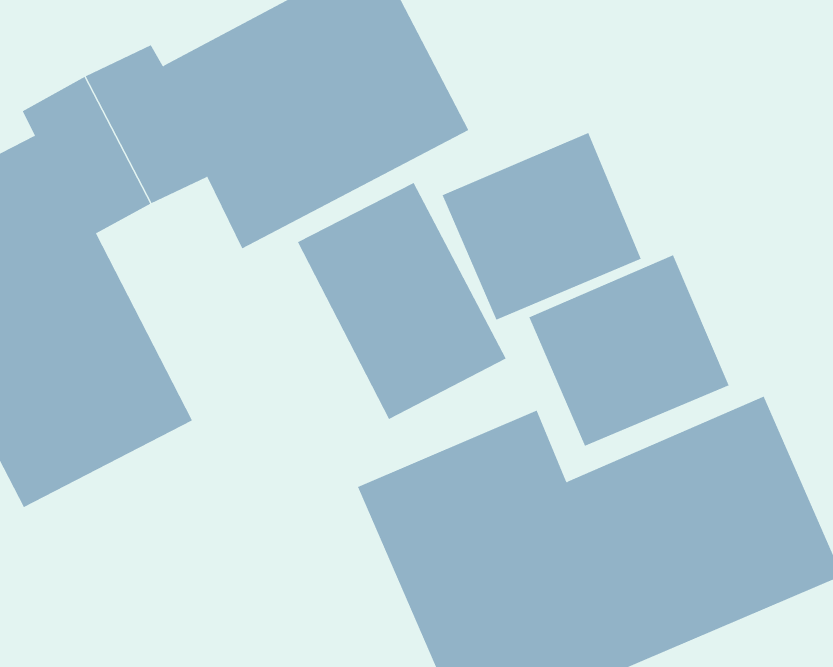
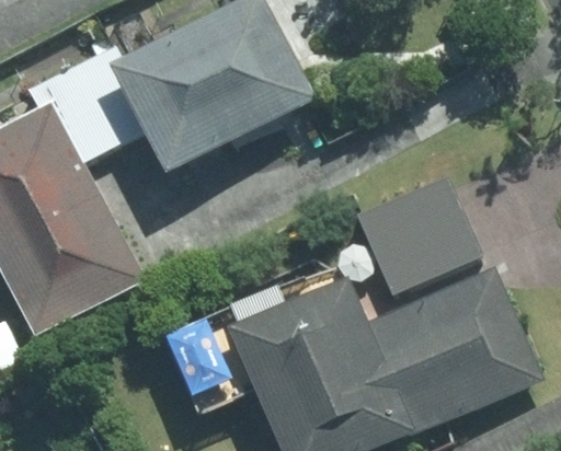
building: [442,132,641,320] -> none
building: [297,182,506,420] -> none

